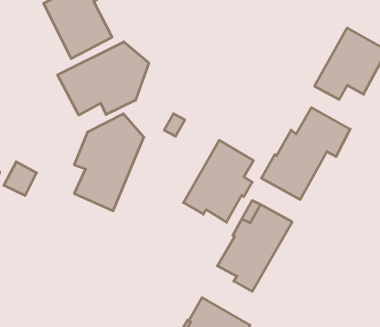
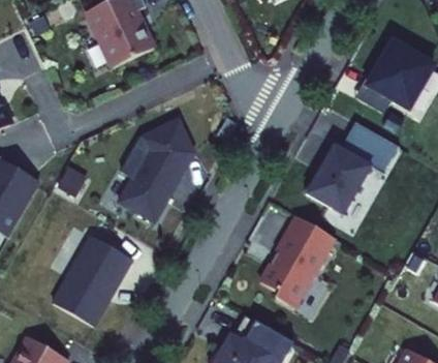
building: [58,42,149,115] -> none
building: [183,140,253,222] -> none
building: none -> [58,240,132,330]

